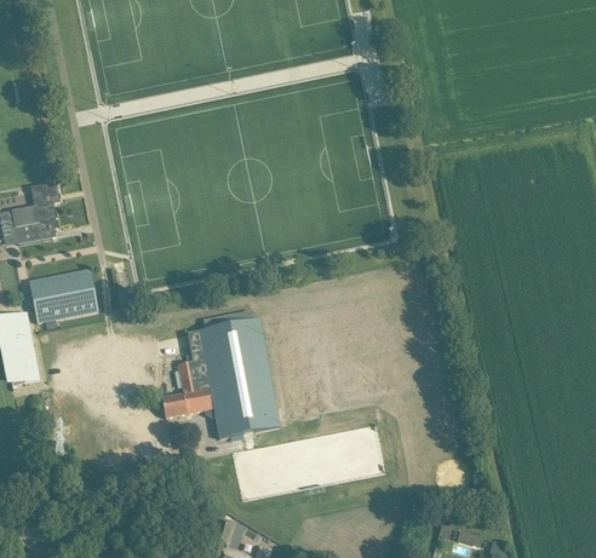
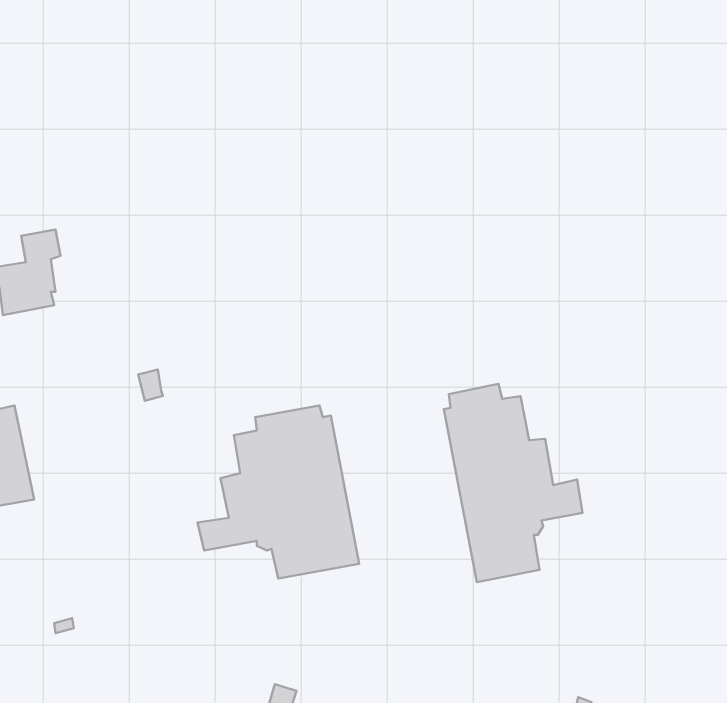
building: [29,269,98,323] -> none
building: none -> [444,384,583,582]

